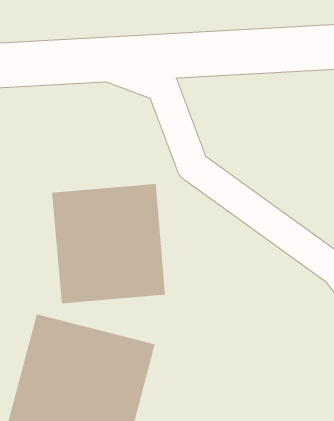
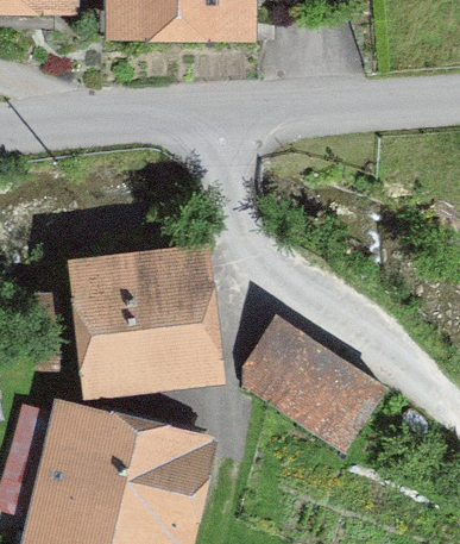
building: none -> [248,326,386,443]

